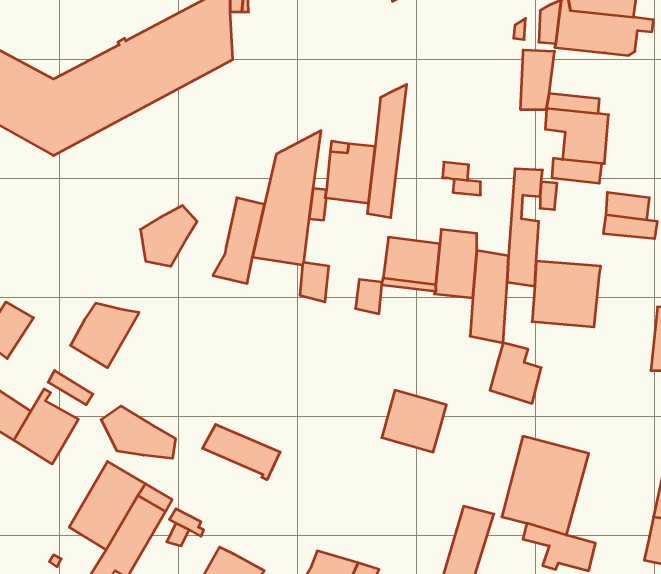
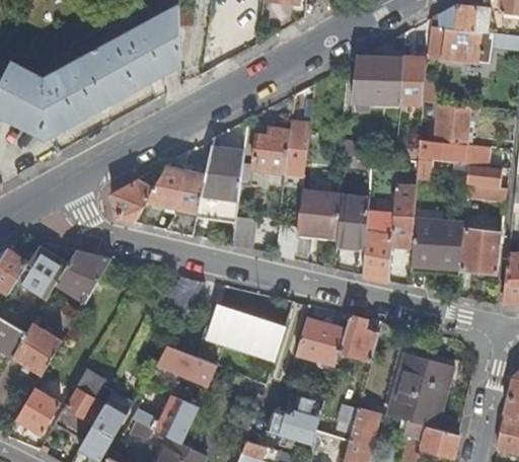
building: none -> [351,57,403,111]
building: none -> [145,167,183,208]
building: none -> [458,229,501,274]
building: none -> [19,248,67,299]
building: [490,343,541,403] -> [339,315,378,362]
building: none -> [206,306,283,361]
building: [101,406,175,458] -> none
building: none -> [16,388,61,435]
building: none -> [278,395,321,446]
building: none -> [160,398,198,444]

